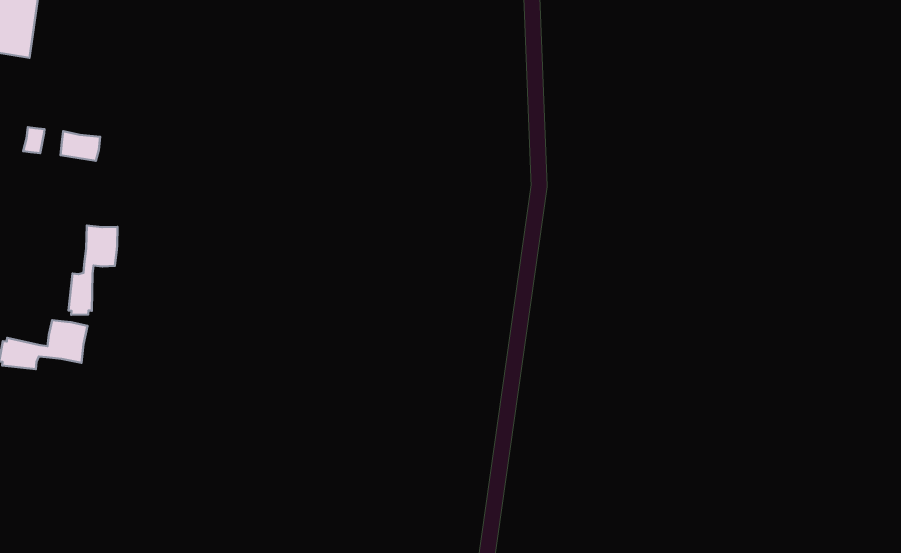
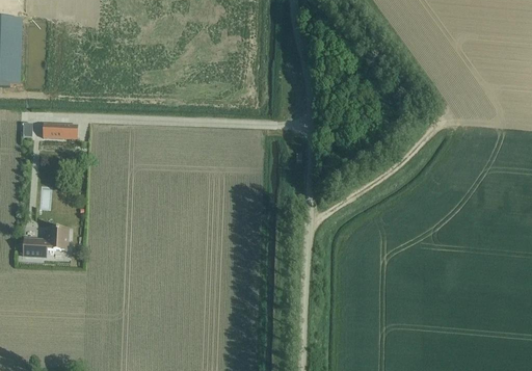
building: [69,226,118,315] -> none

